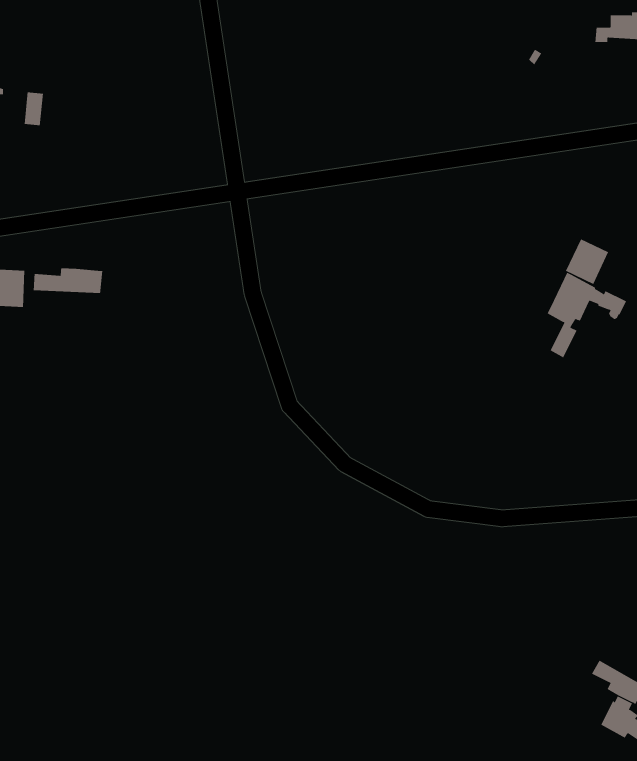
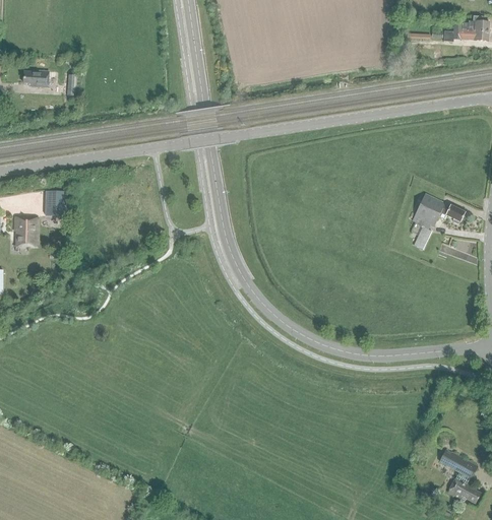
building: [565,238,609,285] -> none
building: [33,268,103,294] -> none

